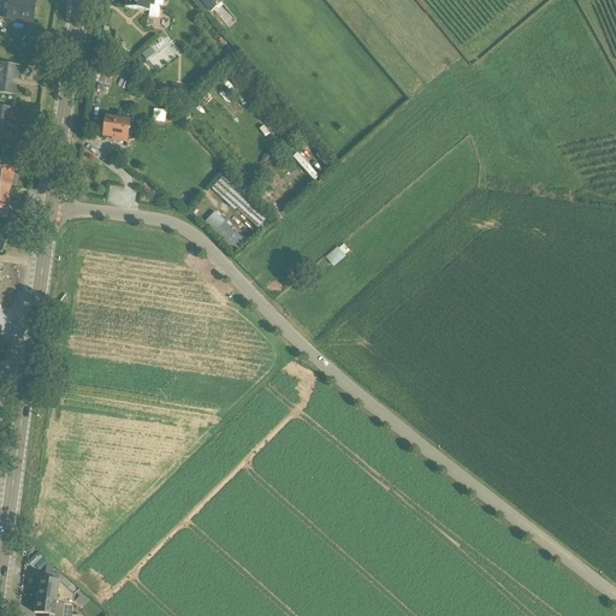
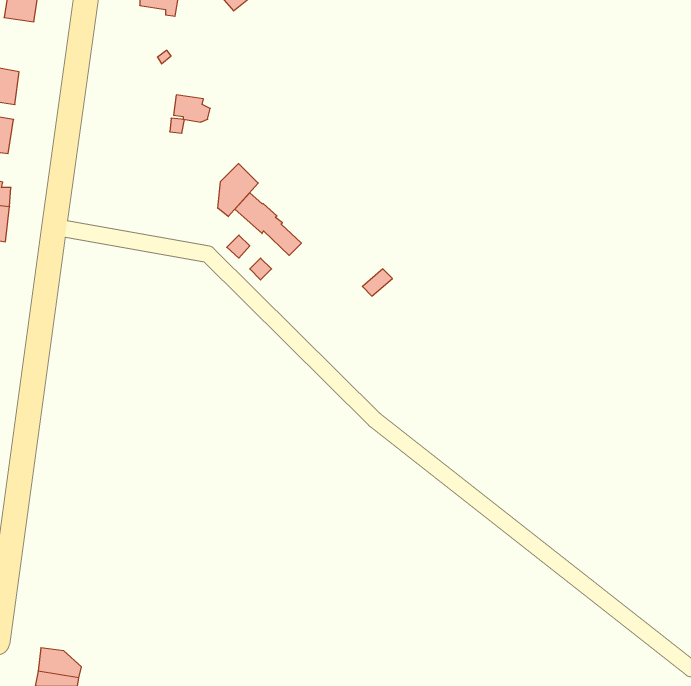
building: [101,114,134,138] -> [174,95,210,122]
building: none -> [218,164,258,217]

